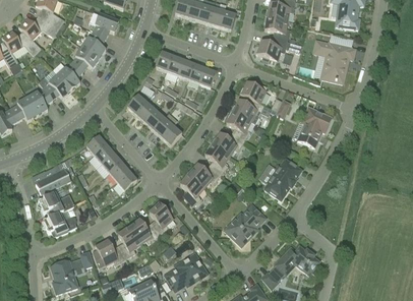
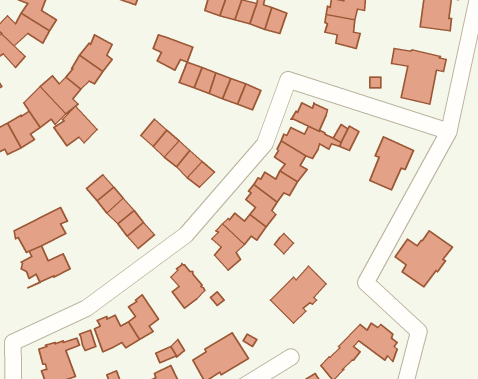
building: [90,11,119,38] -> [153,35,193,70]
building: [255,37,302,61] -> none
building: none -> [54,106,97,146]
building: [259,158,302,199] -> [395,231,452,287]
building: [43,210,77,236] -> none
building: [128,219,160,243] -> none

